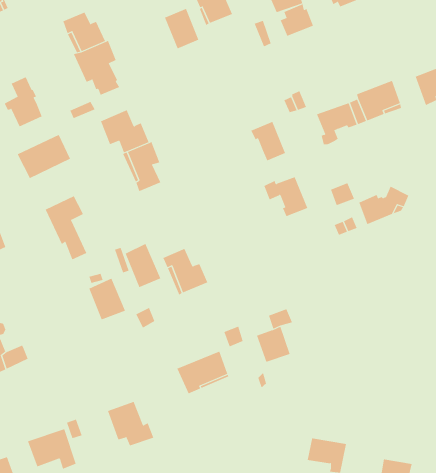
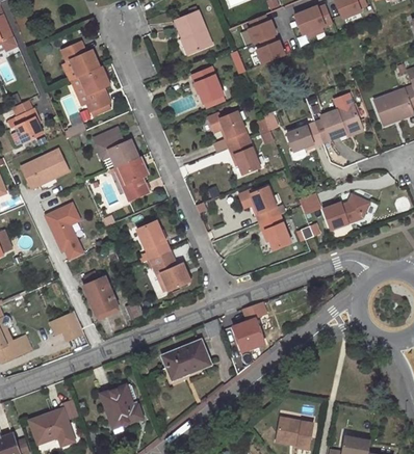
building: [164,8,199,49] -> [192,65,224,102]
building: none -> [218,111,248,146]
building: none -> [260,214,291,249]
building: [125,243,161,288] -> [137,219,170,259]
building: none -> [52,313,85,341]

